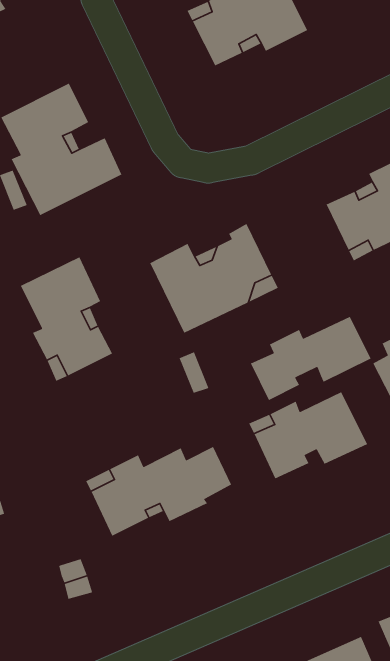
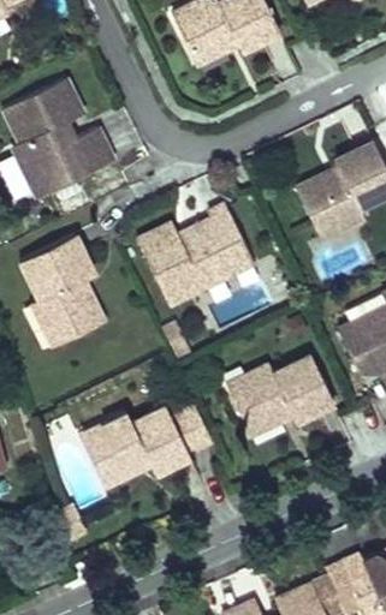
building: [250,316,372,401] -> none

